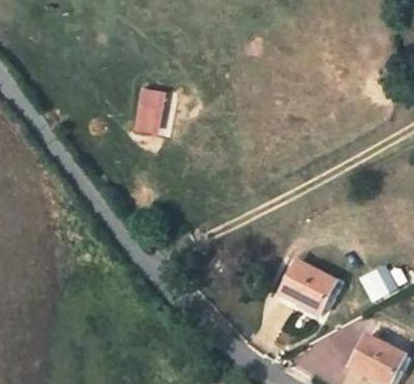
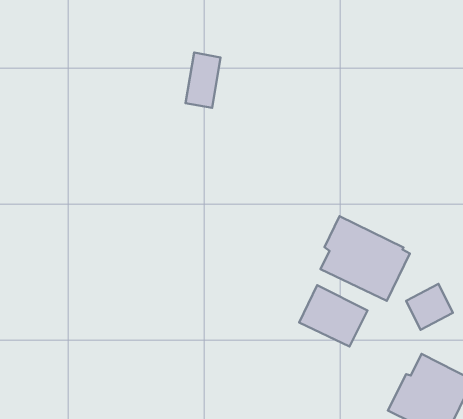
building: [136,90,165,137] -> [186,53,220,108]
building: none -> [321,216,410,301]

